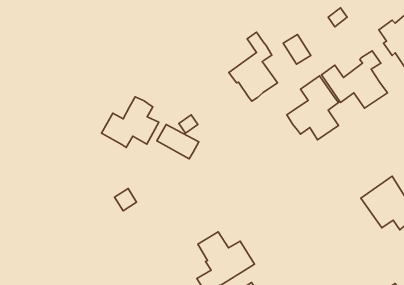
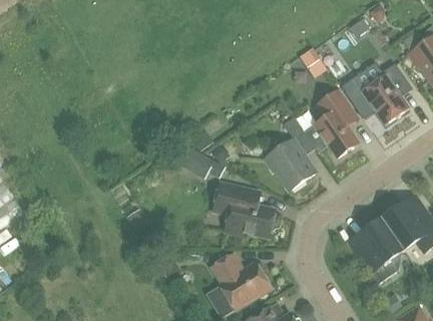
building: [229,32,278,101] -> [266,116,317,189]
building: [102,97,159,147] -> none
building: none -> [214,182,275,237]
building: none -> [349,218,404,283]

